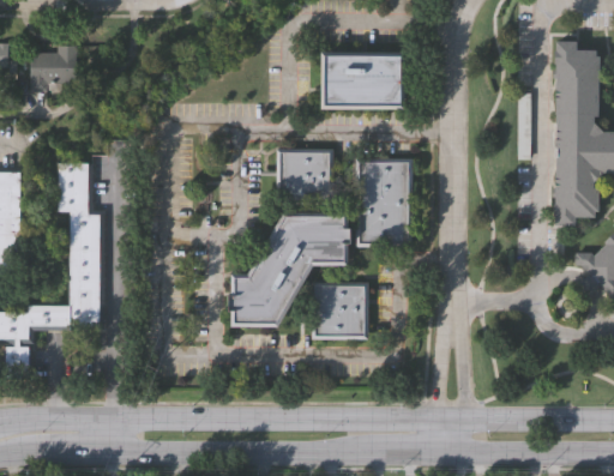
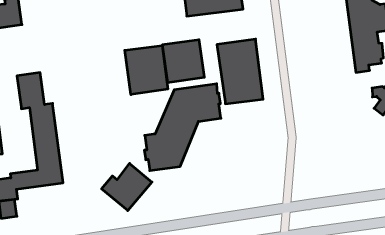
building: none -> [125,45,168,95]
building: [311,281,368,337] -> none
building: none -> [102,163,152,211]

